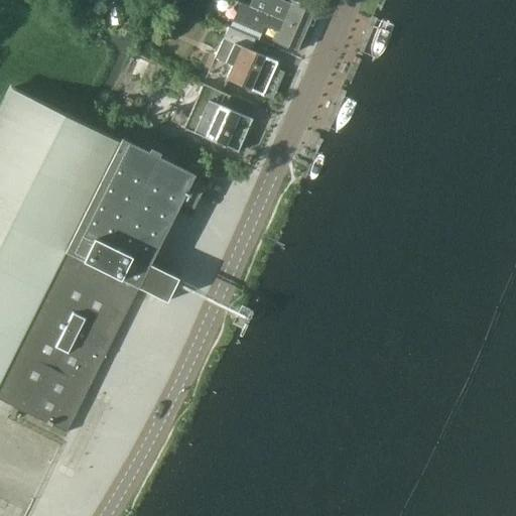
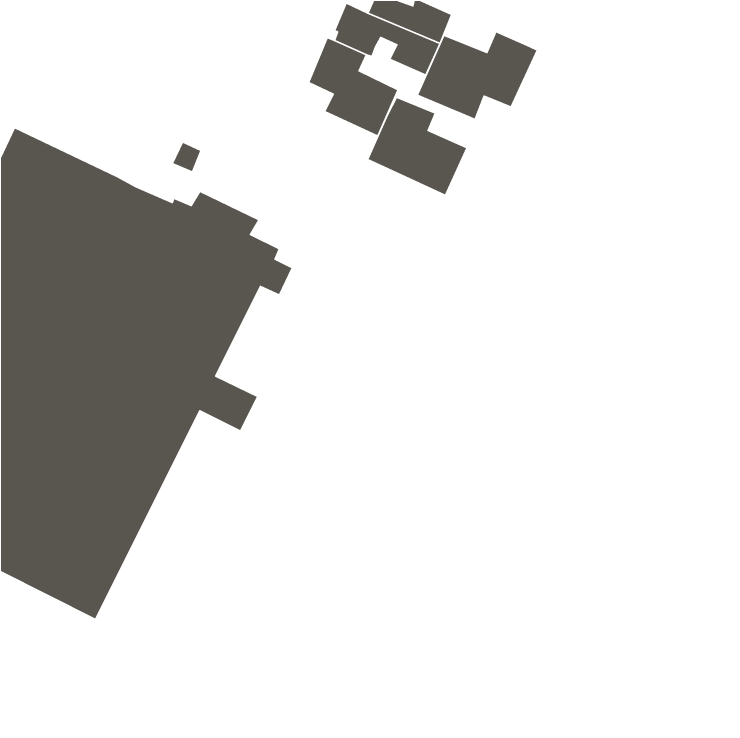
building: none -> [417,32,537,120]
building: [183,85,253,153] -> [367,97,467,196]

